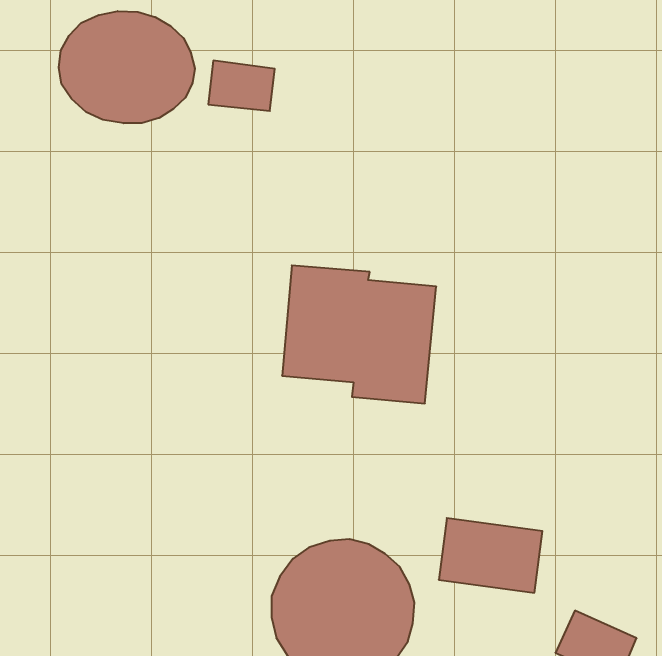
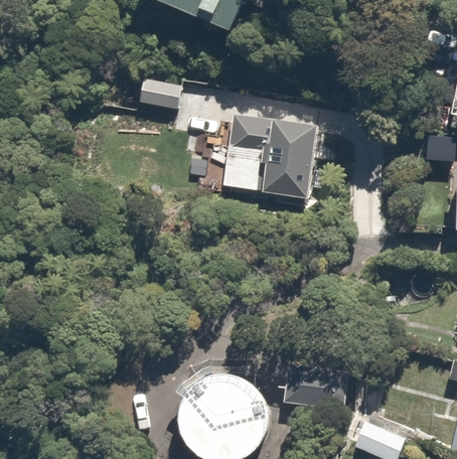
building: [59,11,195,123] -> none
building: [282,265,436,403] -> [221,116,317,201]

